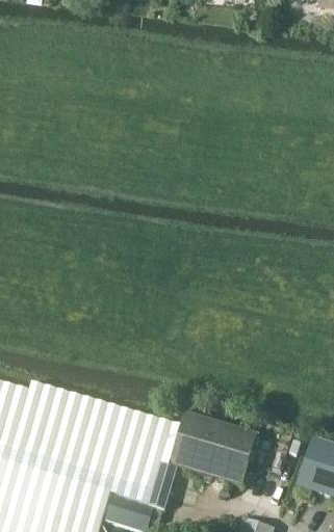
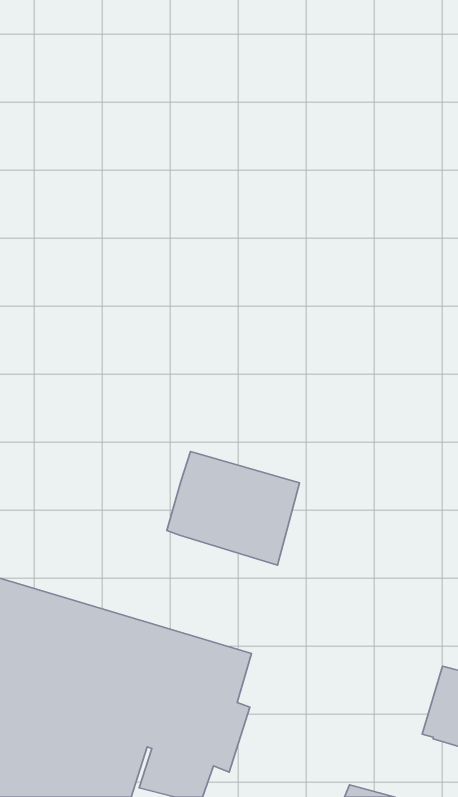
building: [169,410,256,485] -> [167,451,299,565]

